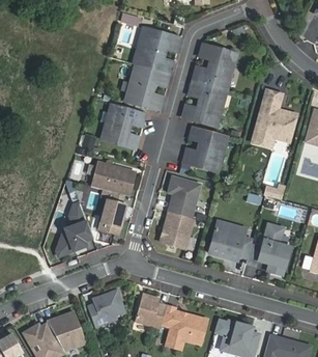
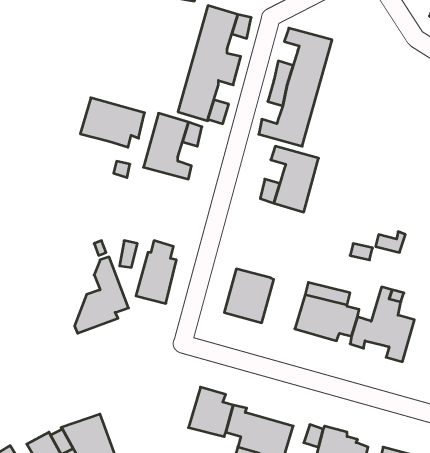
building: [252,90,296,147] -> none
building: [91,161,136,195] -> [80,98,145,147]
building: [168,175,201,217] -> none
building: [87,290,124,327] -> none

